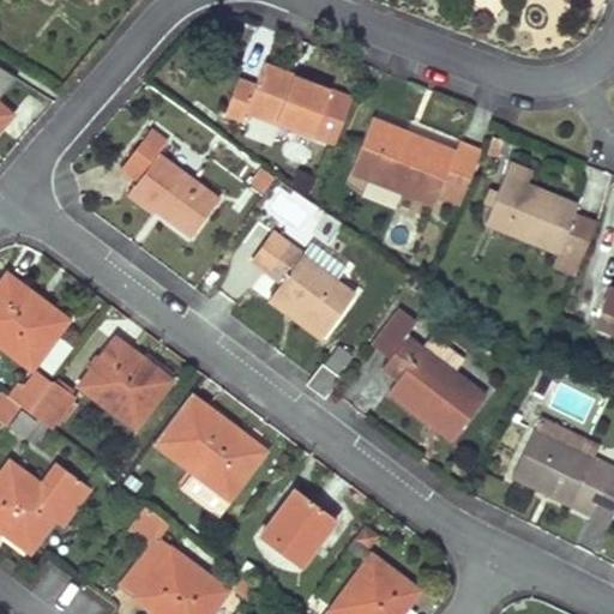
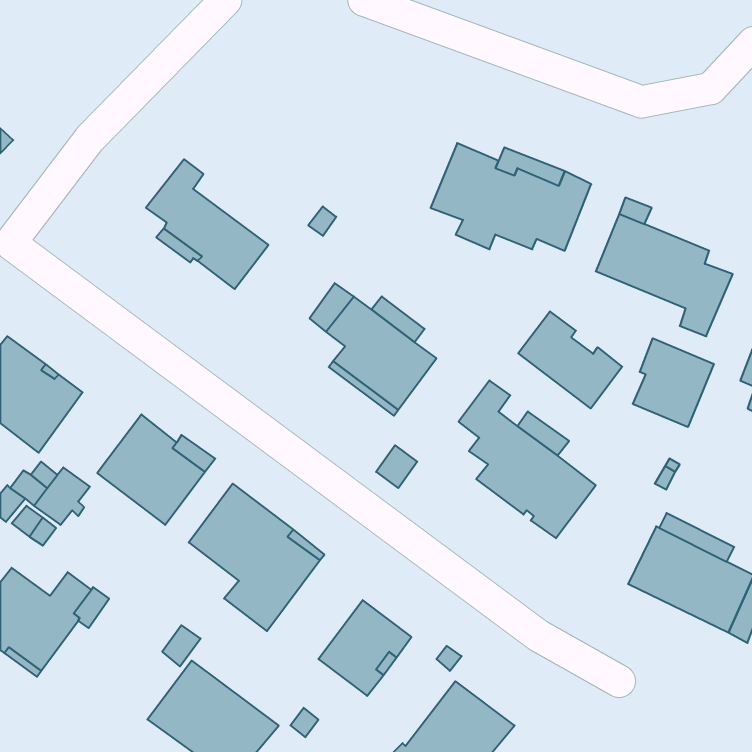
building: [227,64,353,143] -> none
building: none -> [518,311,622,408]
building: none -> [633,338,714,427]

